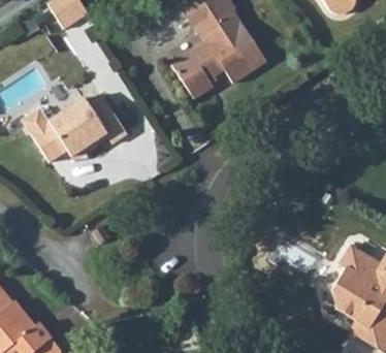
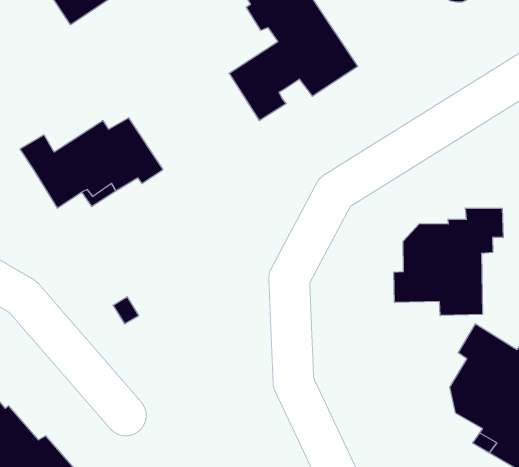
building: none -> [394,208,503,316]

